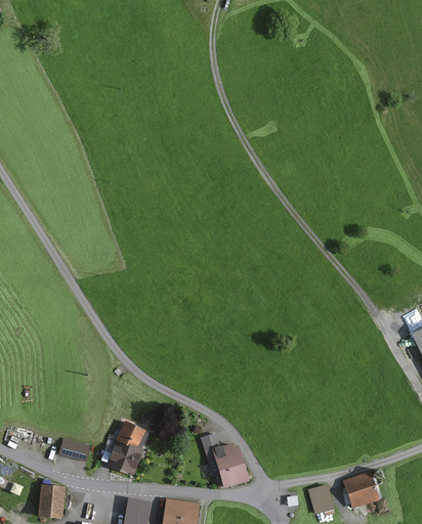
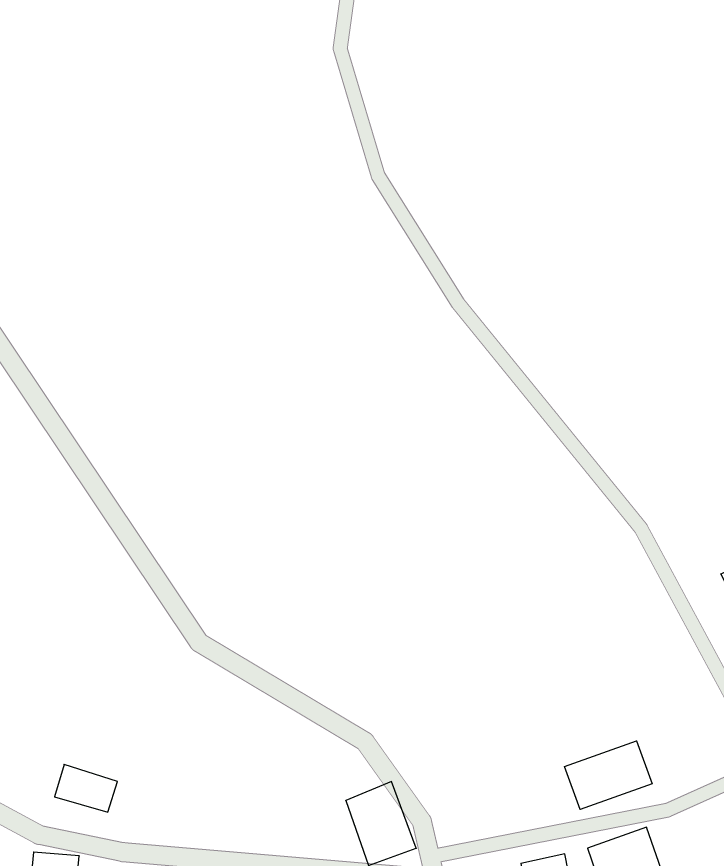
building: [111,419,152,474] -> none
building: none -> [564,741,652,809]

